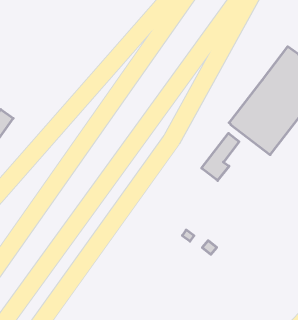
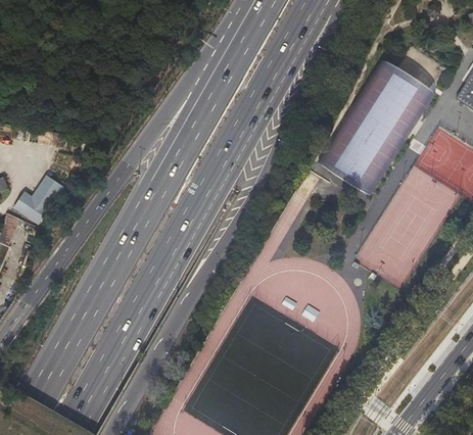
building: [202,133,239,181] -> none

